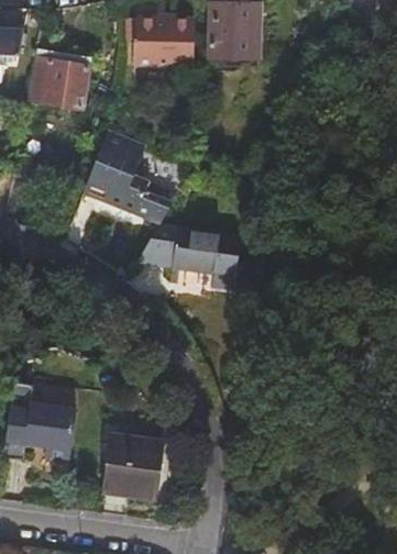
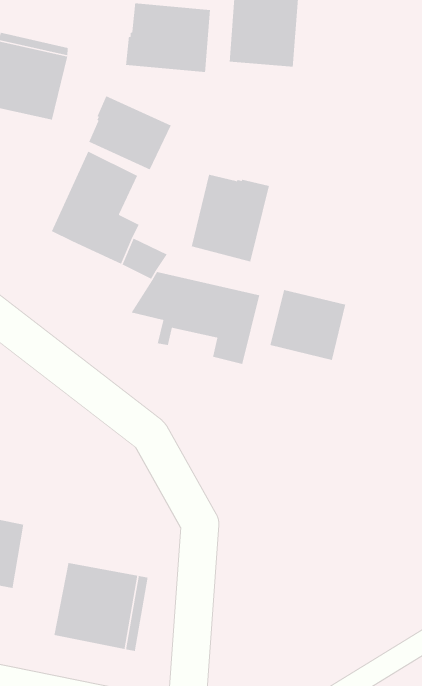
building: none -> [88,95,172,171]
building: none -> [191,174,270,262]
building: none -> [270,289,346,361]

